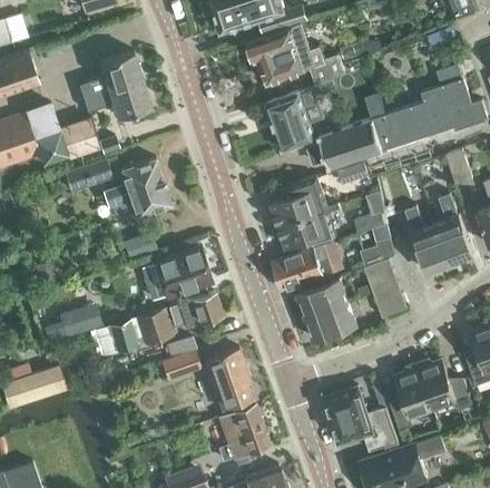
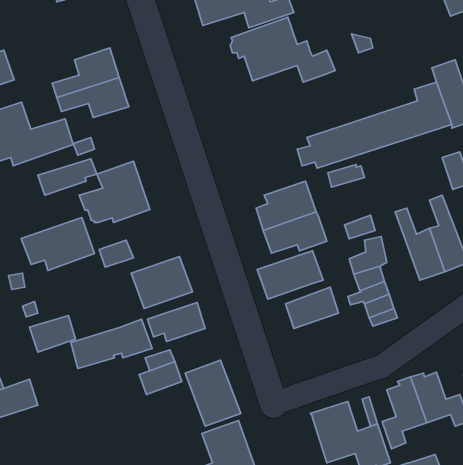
building: [264,78,337,152] -> none
building: none -> [21,218,95,270]
building: [306,303,355,339] -> none

